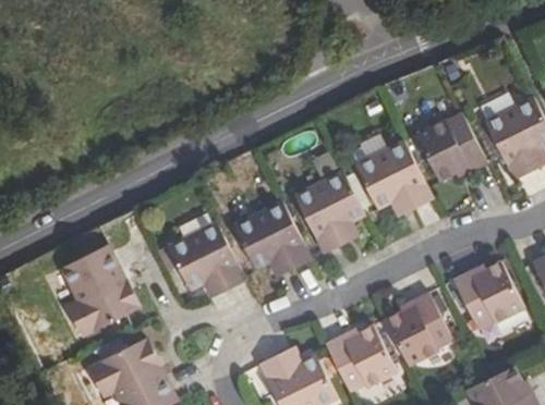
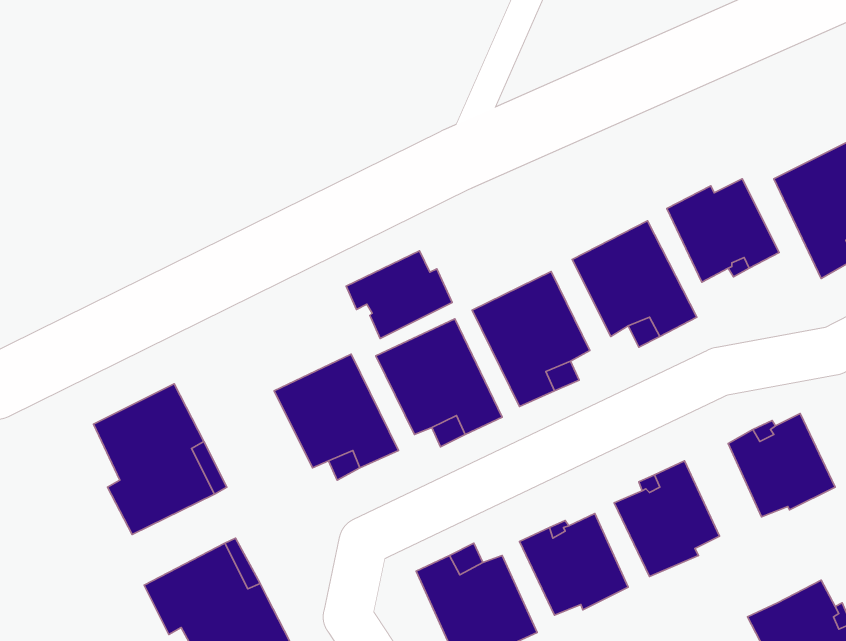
building: none -> [346,251,452,339]

